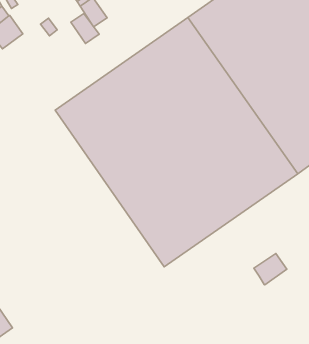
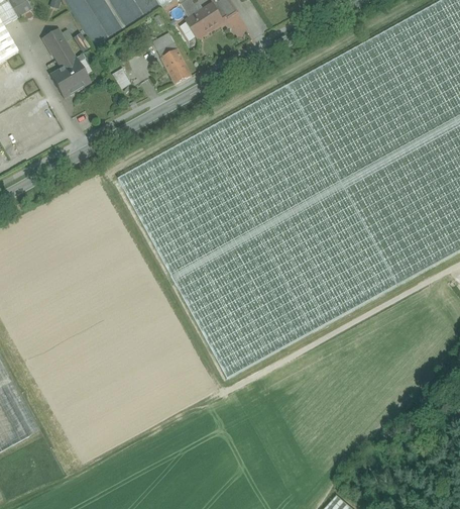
building: [71,14,99,44] -> none
building: [254,254,287,285] -> none

